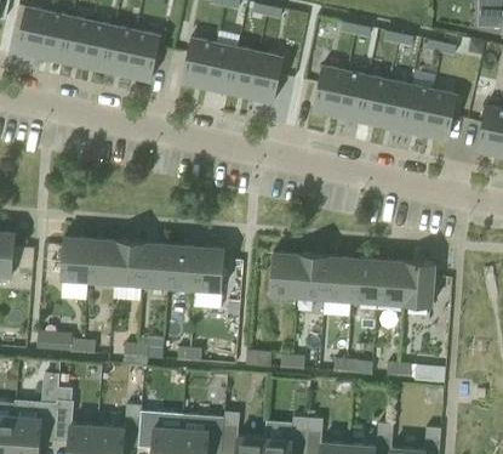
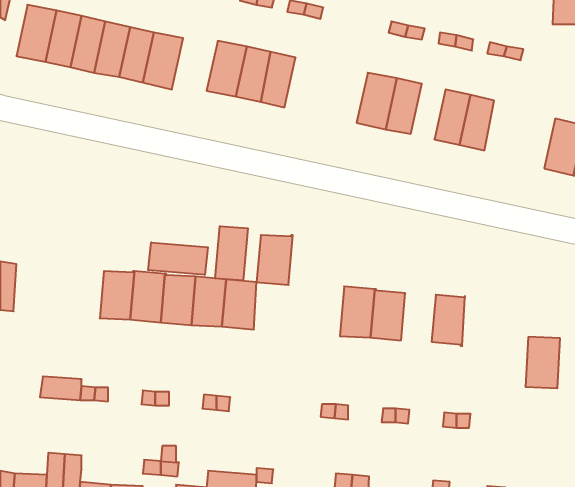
building: [248,52,284,101] -> none
building: [359,75,389,124] -> none
building: [423,90,457,138] -> none
building: none -> [215,226,248,281]
building: none -> [148,242,208,275]
building: [61,237,91,280] -> none
building: [269,252,301,296] -> [257,235,293,285]
building: [350,259,381,301] -> none
building: [404,261,434,306] -> [525,337,560,388]

